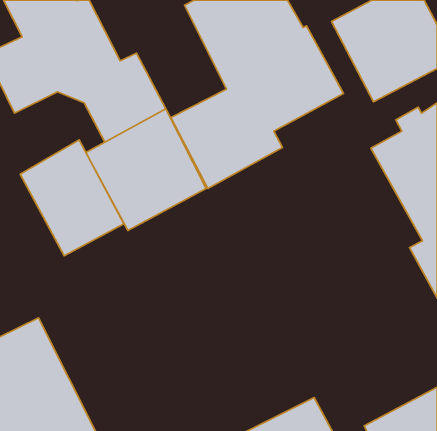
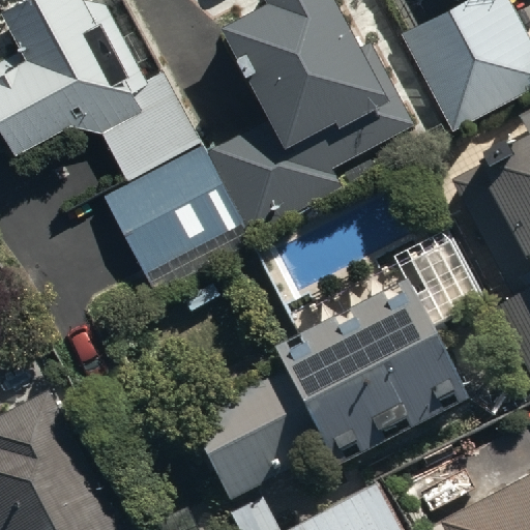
building: [20,140,124,256] -> none
building: none -> [276,279,468,467]
building: none -> [187,376,315,504]

